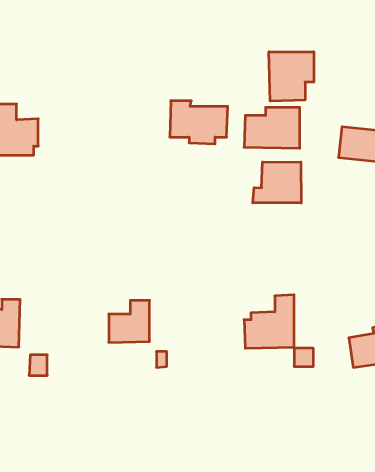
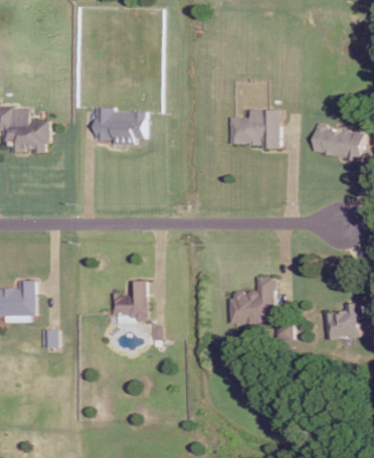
building: [269,52,314,101] -> none
building: [170,101,228,144] -> [97,107,148,145]
building: [253,162,301,203] -> none

